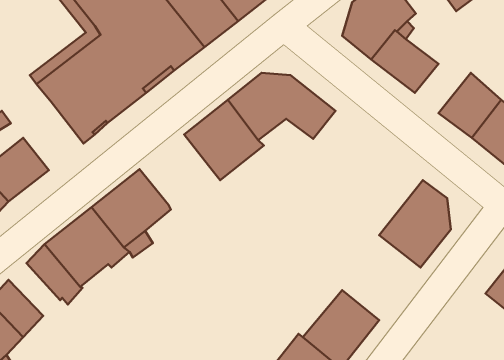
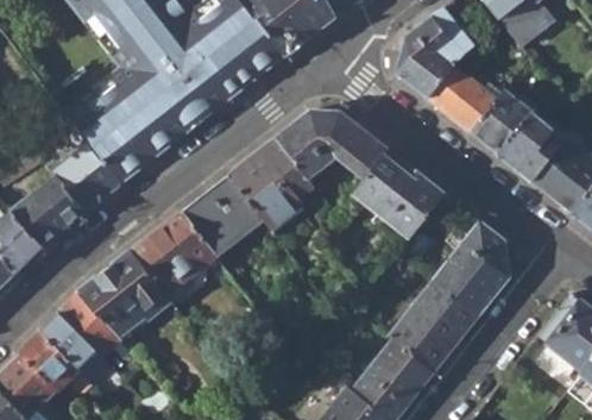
building: none -> [472,90,531,152]
building: none -> [50,140,120,213]
building: none -> [354,150,445,239]
building: none -> [180,175,257,250]
building: none -> [390,282,478,372]
building: none -> [40,312,109,380]

